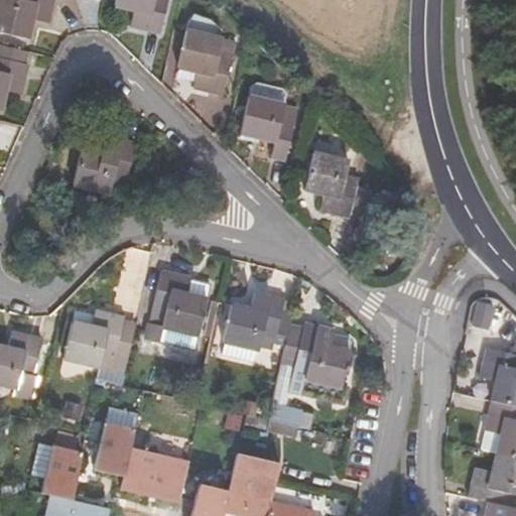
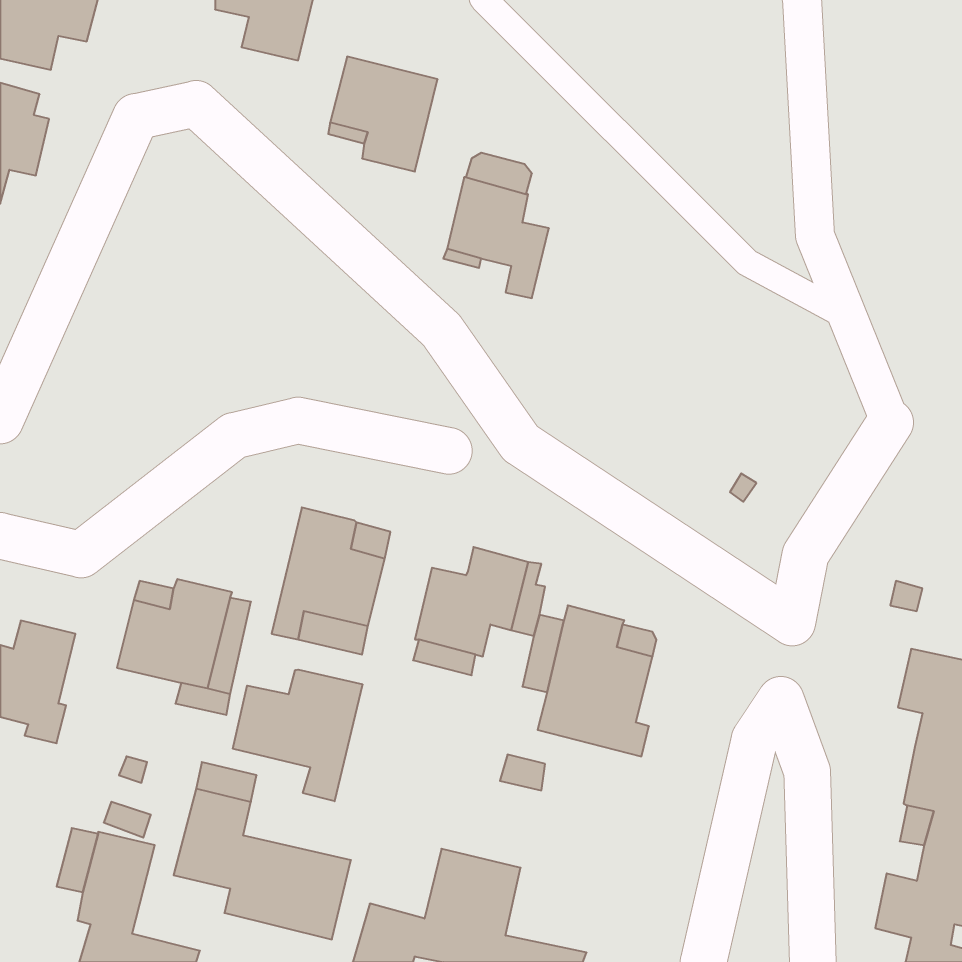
building: [74,134,135,192] -> none
building: [304,150,375,216] -> none
building: none -> [233,670,362,801]

